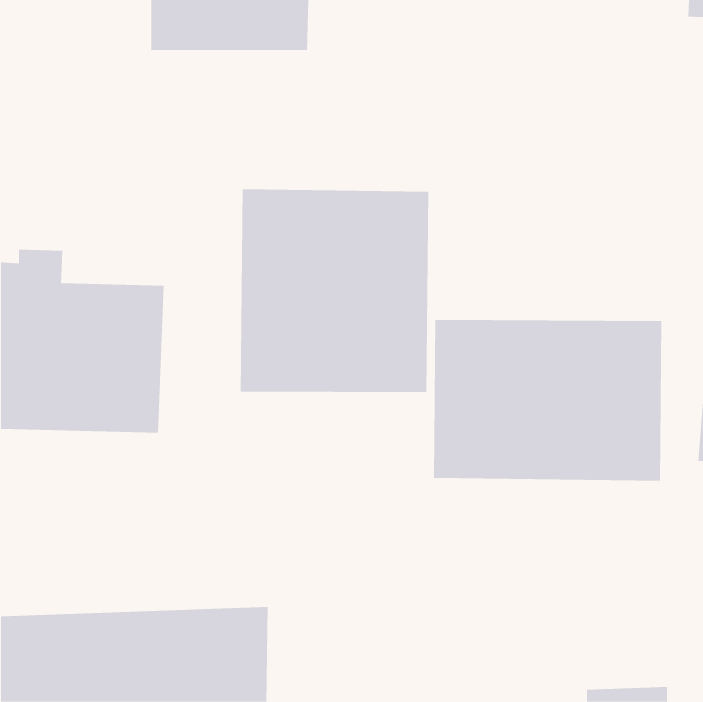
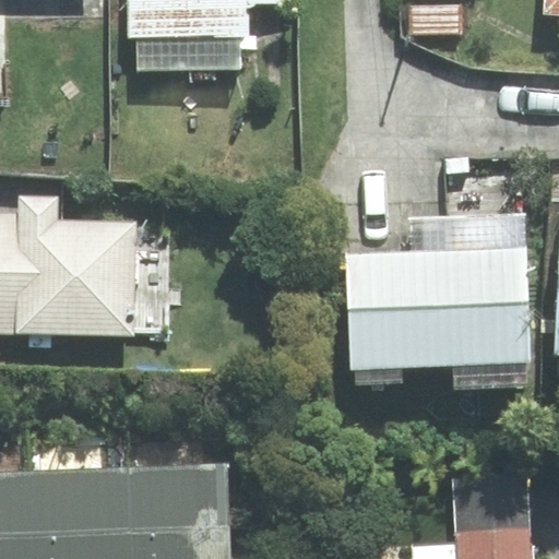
building: [240,189,429,393] -> none

